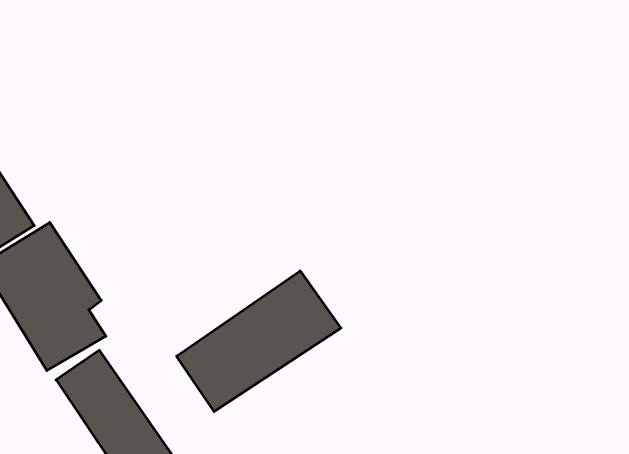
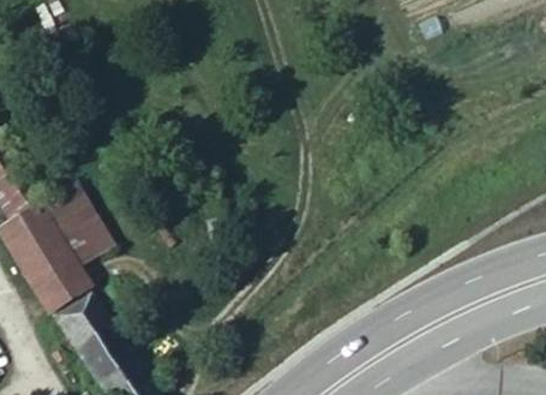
building: none -> [48,181,110,255]
building: [177,271,341,412] -> none

